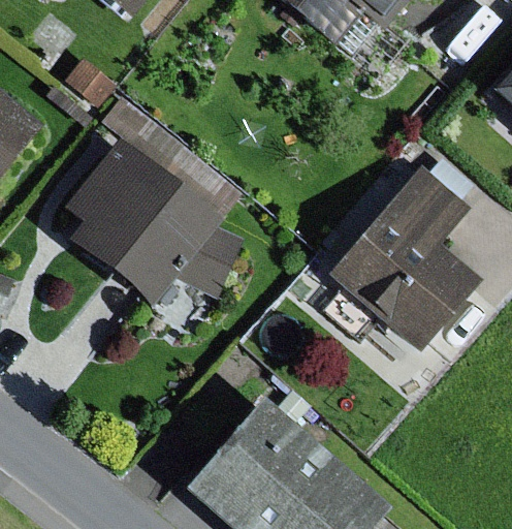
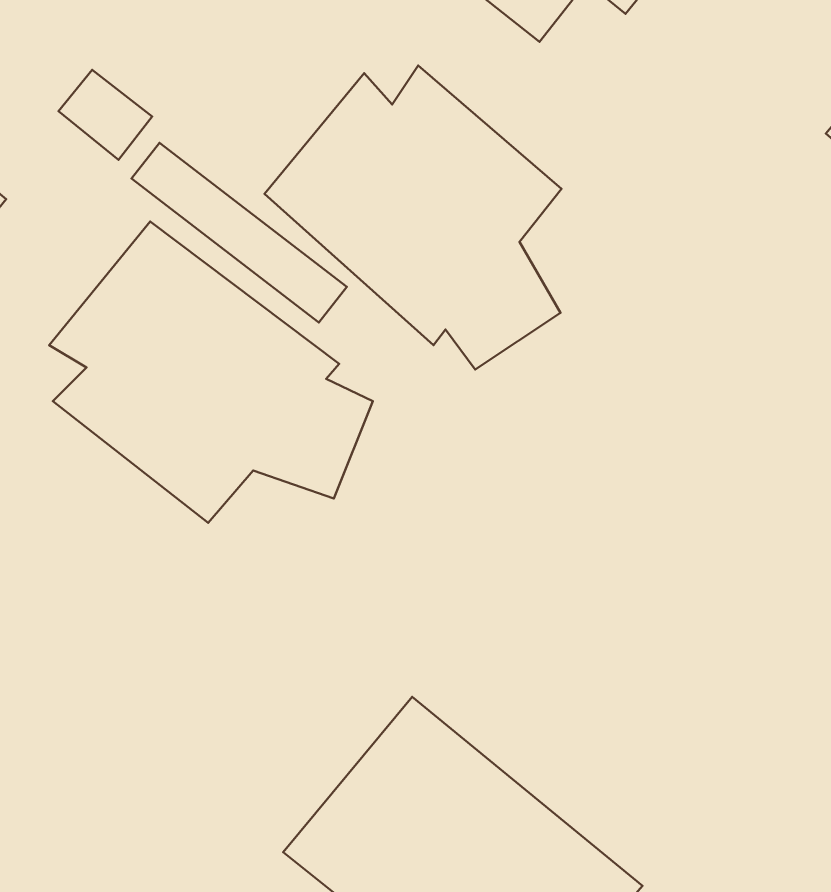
building: none -> [265,66,561,370]
building: [327,162,479,349] -> none

